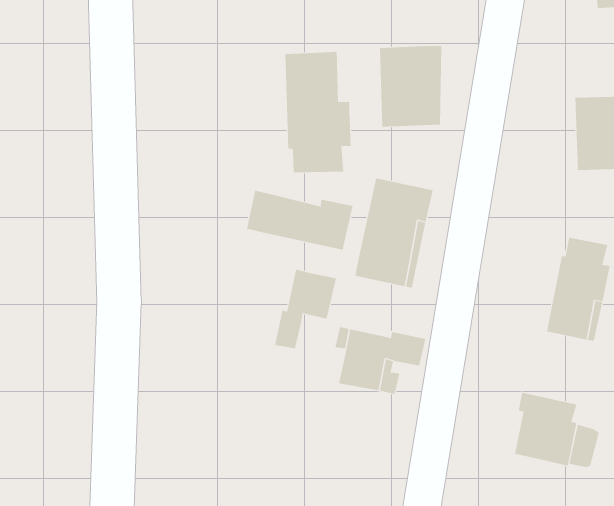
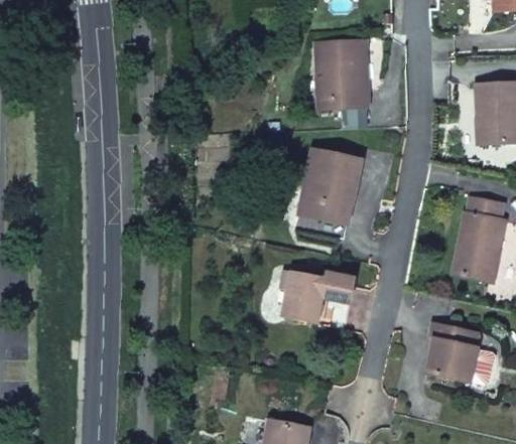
building: [285,51,351,173] -> none
building: [246,190,353,251] -> none
building: [275,269,337,349] -> none

